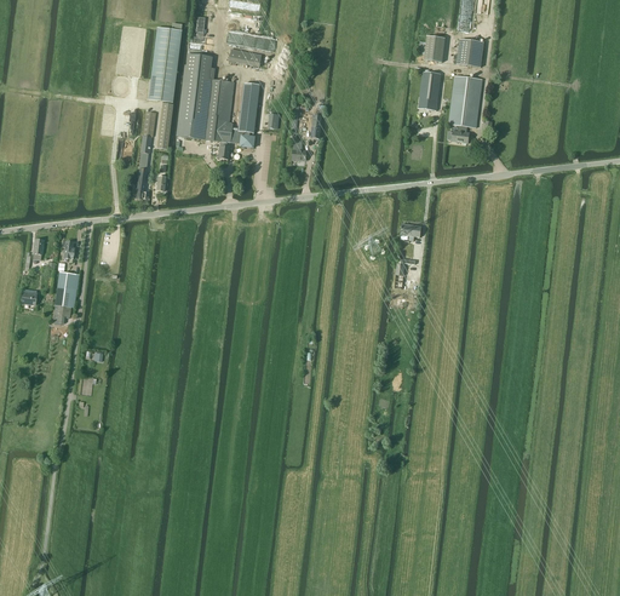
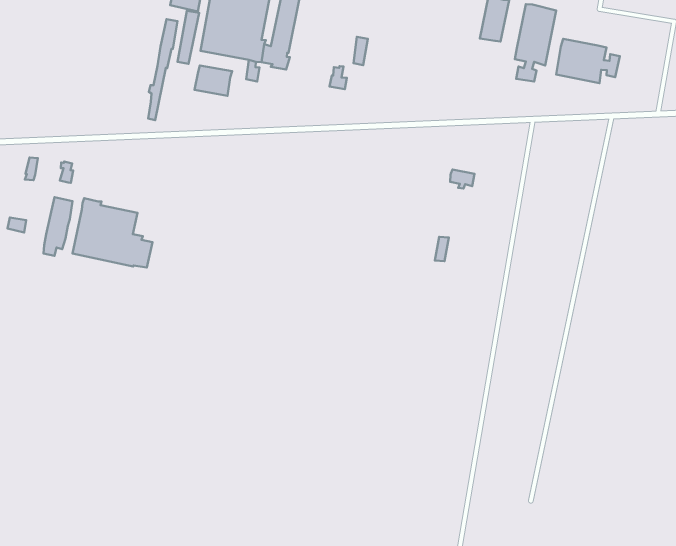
building: none -> [556,39,620,83]
building: none -> [194,66,232,96]
building: none -> [72,198,152,267]

